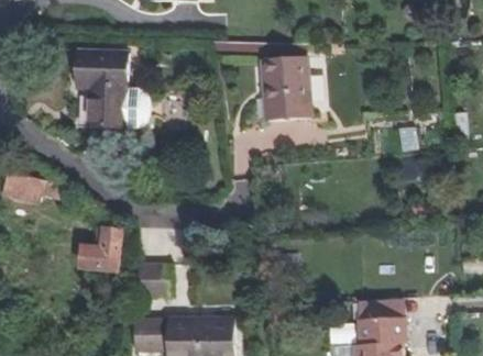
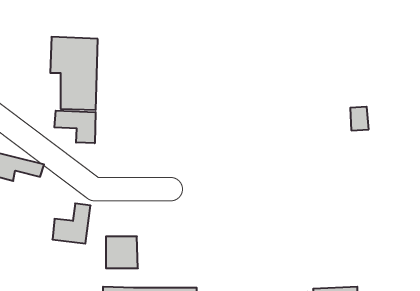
building: [263,55,311,121] -> none
building: none -> [54,111,96,143]

